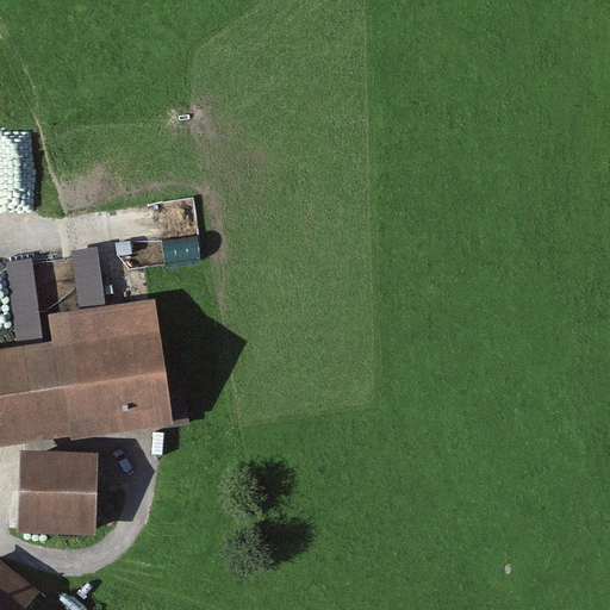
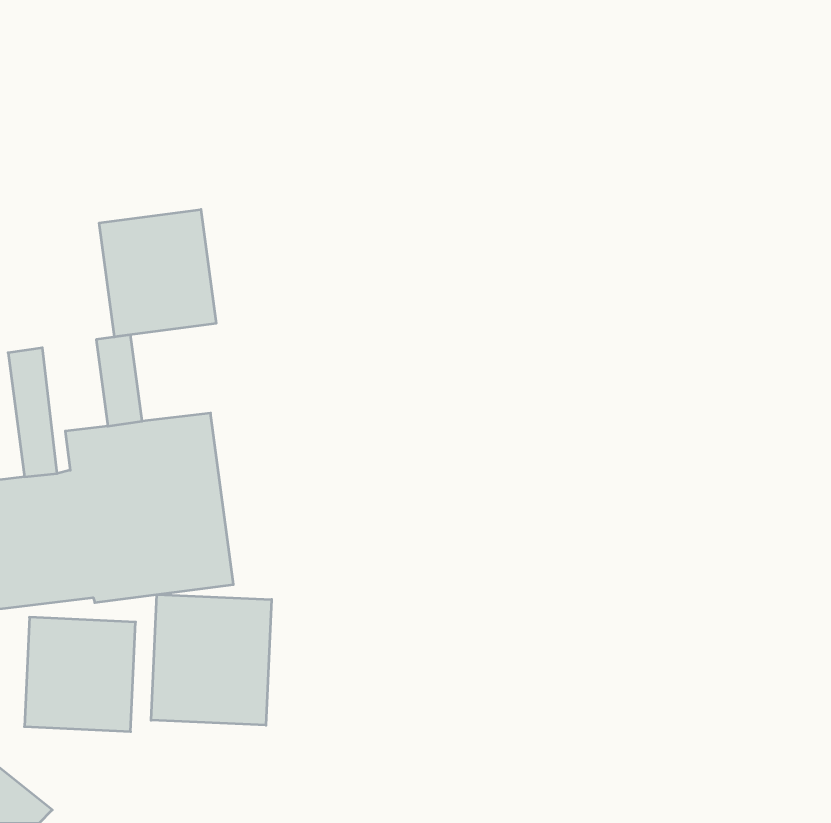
building: none -> [99,209,216,337]
building: none -> [151,595,272,725]

